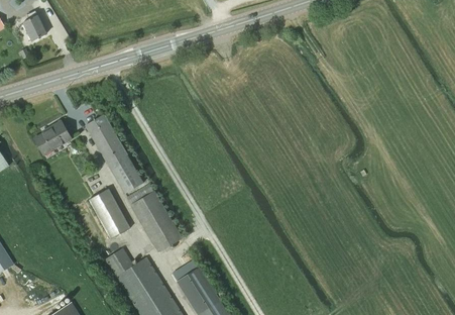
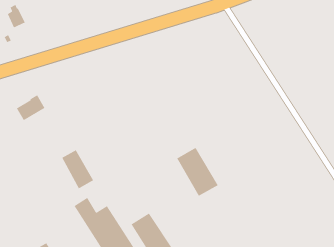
building: [86,114,143,193] -> none
building: [129,191,182,252] -> [176,147,219,197]

